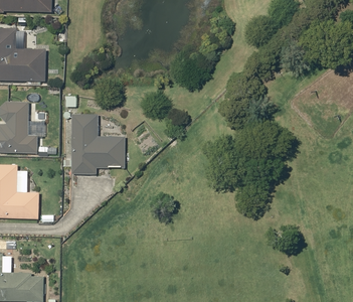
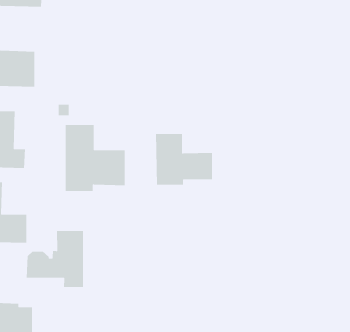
building: none -> [155,133,213,186]
building: none -> [26,230,84,288]

